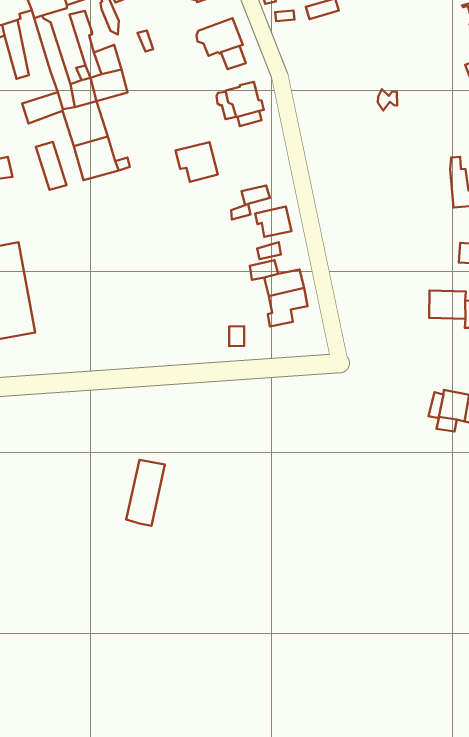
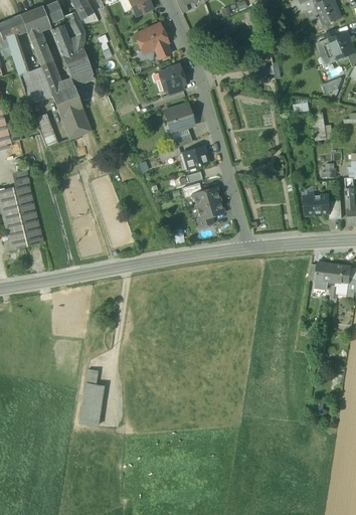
building: none -> [19,66,47,90]
building: [175,142,218,182] -> [165,103,194,130]
building: [126,460,165,526] -> [79,382,103,425]

